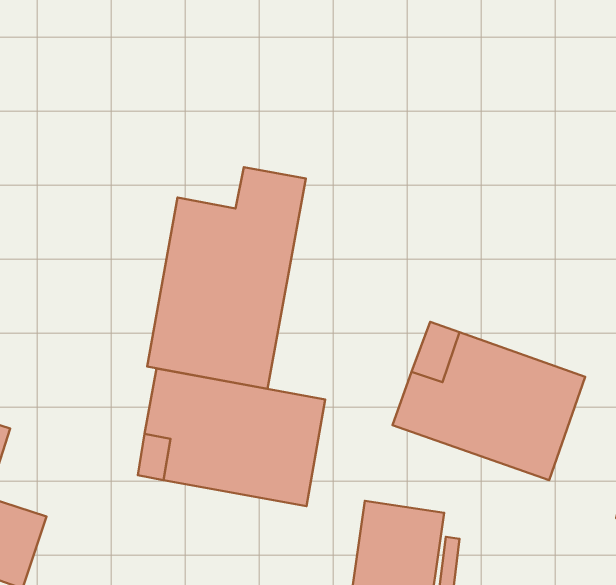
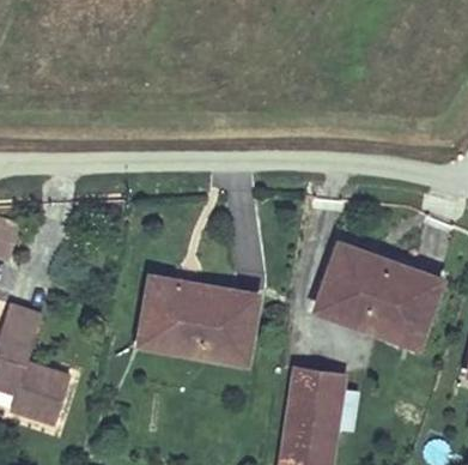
building: [147,167,306,389] -> none

